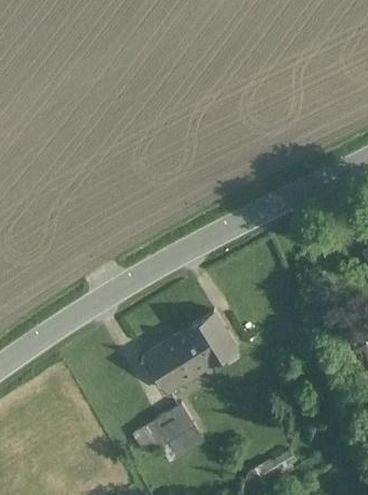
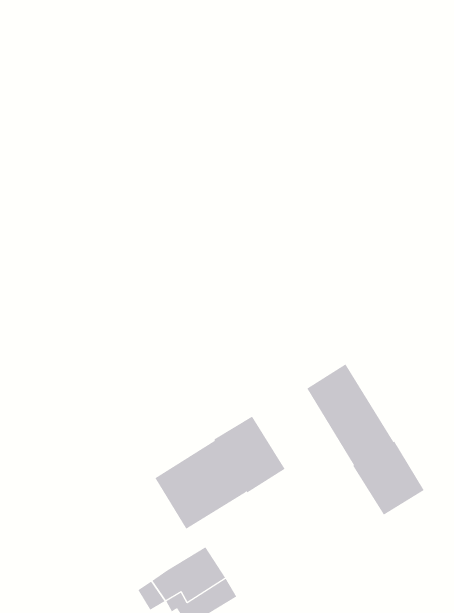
building: none -> [307,364,424,515]

